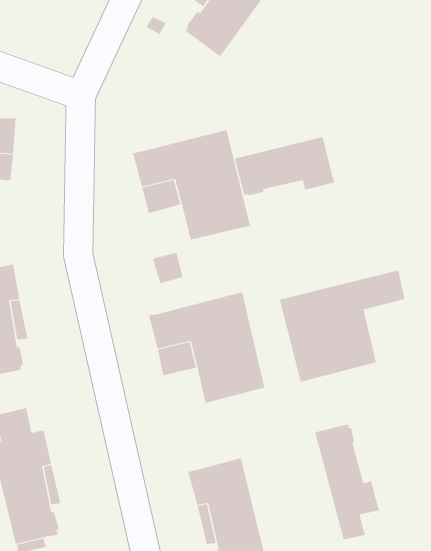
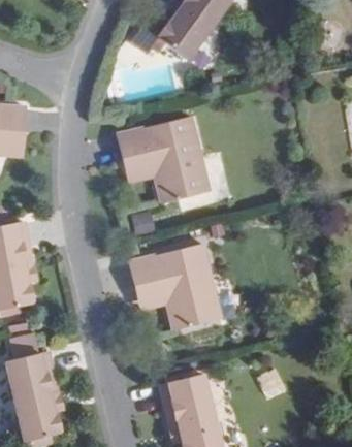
building: [234,136,335,196] -> none
building: [279,269,405,382] -> none
building: [314,423,379,540] -> none

